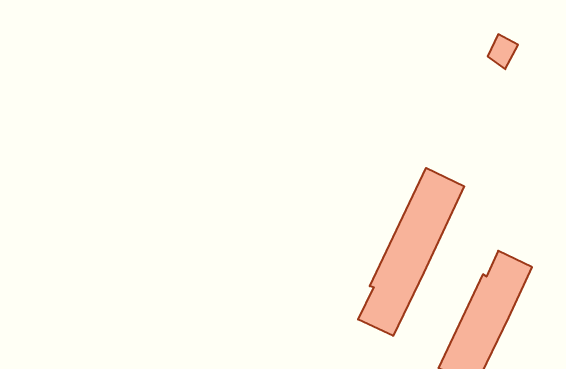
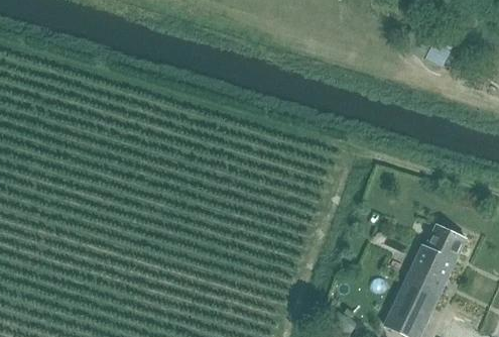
building: [358,168,464,336] -> none

